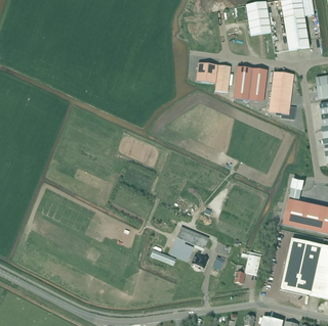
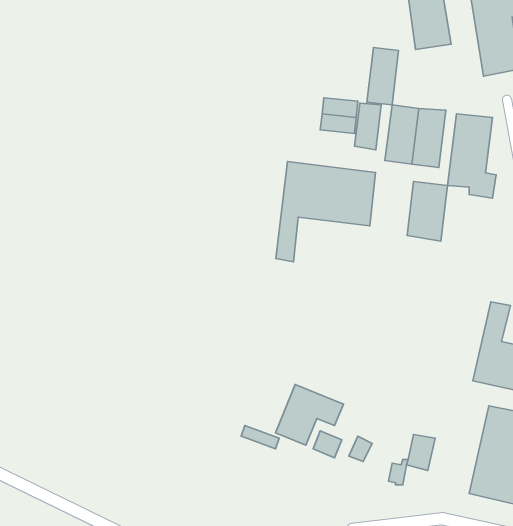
building: none -> [367,48,399,105]
building: none -> [276,162,375,262]
building: none -> [407,182,448,241]

